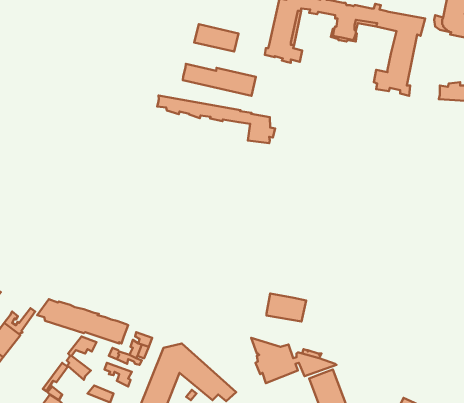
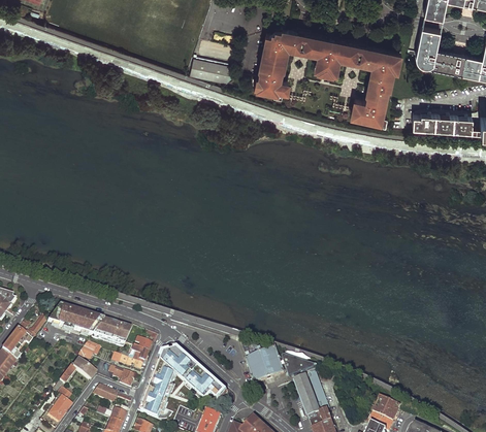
building: [183,64,256,96] -> none
building: [157,95,275,143] -> none
building: [266,293,306,321] -> none

